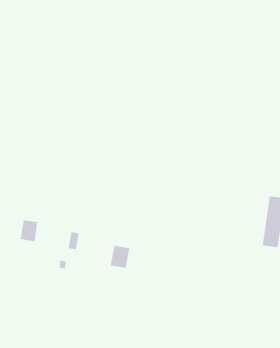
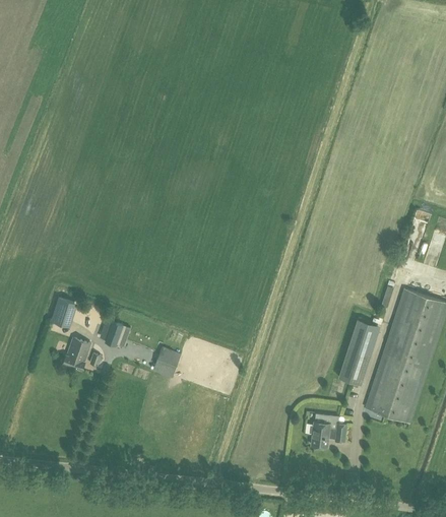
building: none -> [64,338,91,371]
building: none -> [312,423,346,448]

